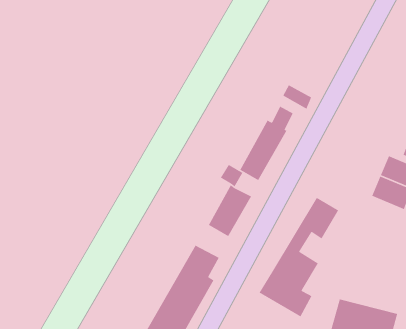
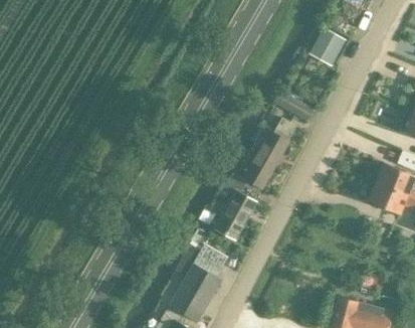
building: none -> [313,28,344,57]
building: [258,197,339,317] -> none

